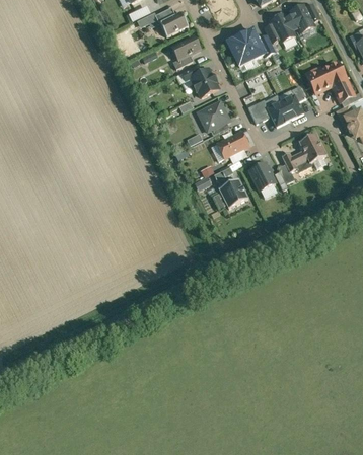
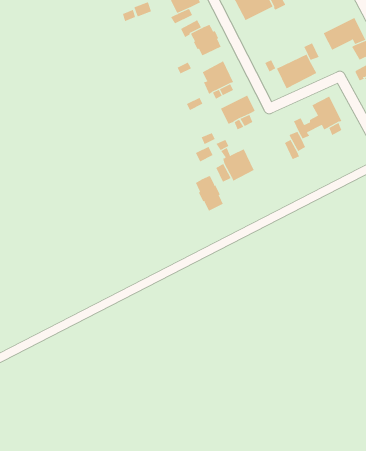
building: [249,162,275,191] -> none
building: none -> [195,175,224,211]

